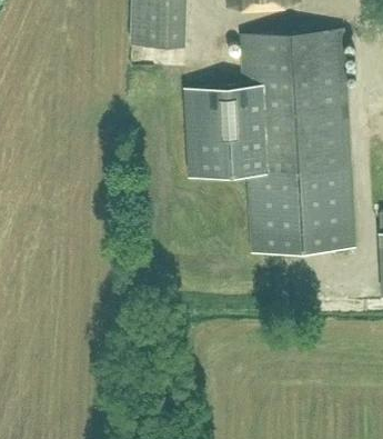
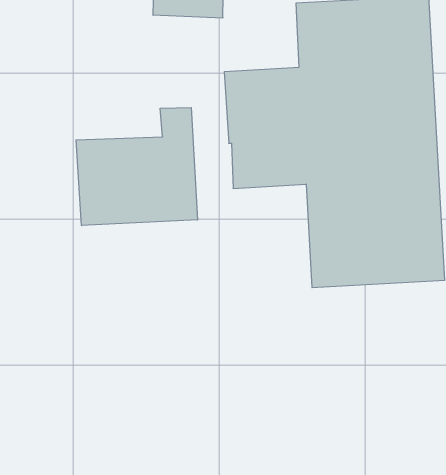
building: none -> [76,108,198,226]

